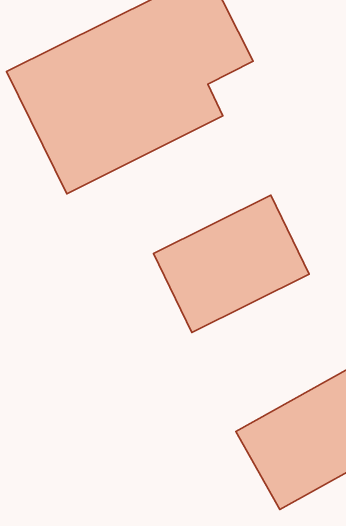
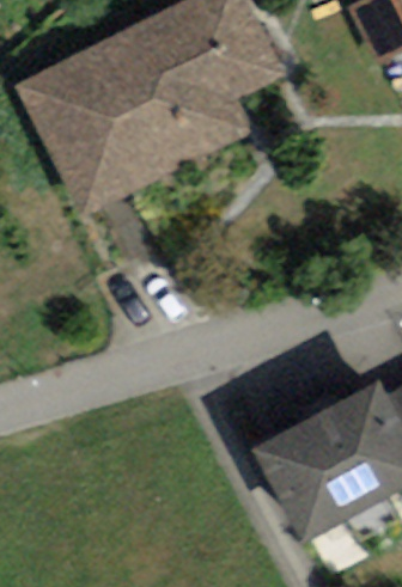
building: [154,195,309,333] -> none

